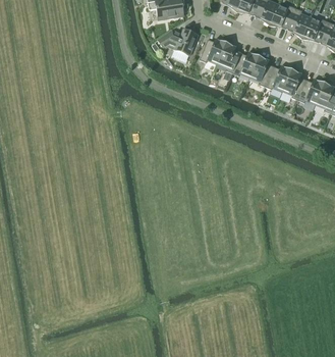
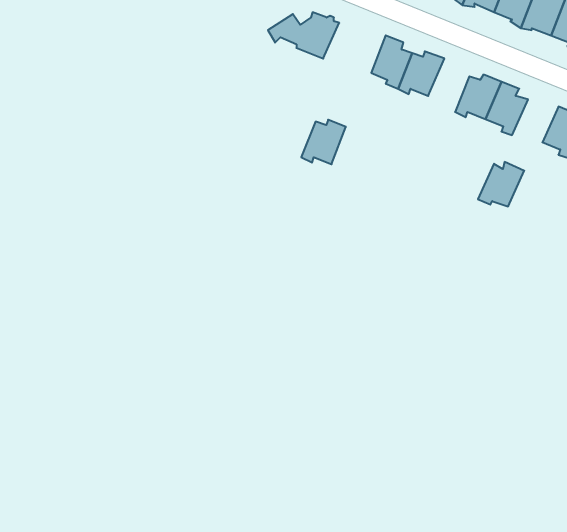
building: [201,39,226,64] -> [301,120,346,164]
building: [250,56,274,87] -> none
building: [298,79,325,104] -> [478,162,524,206]

